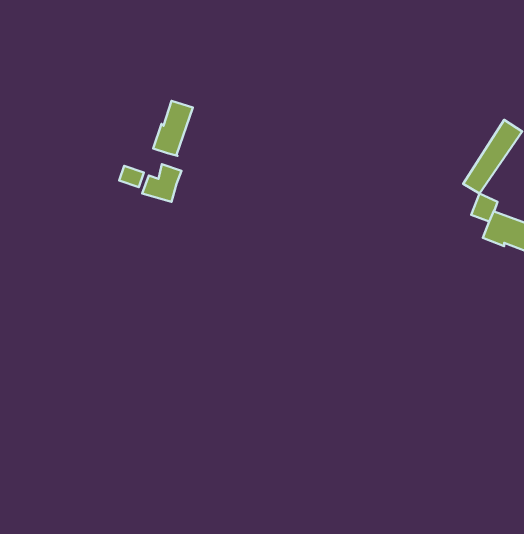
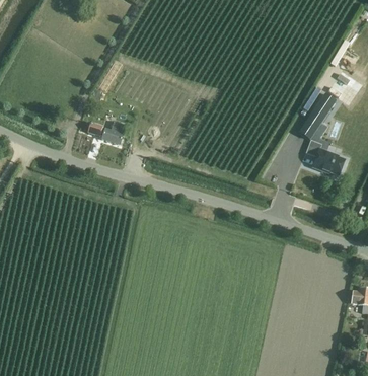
building: [153,101,193,156] -> none

